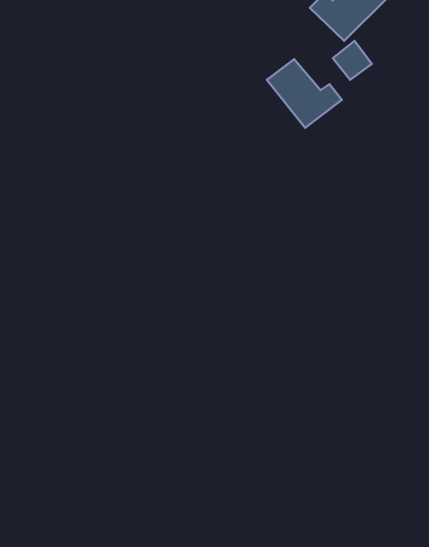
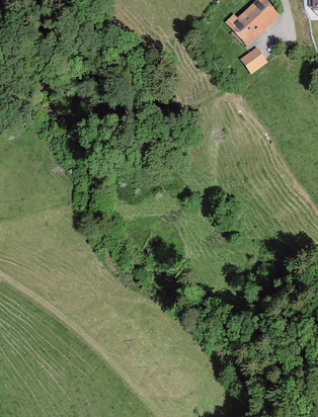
building: [267,59,342,128] -> none

